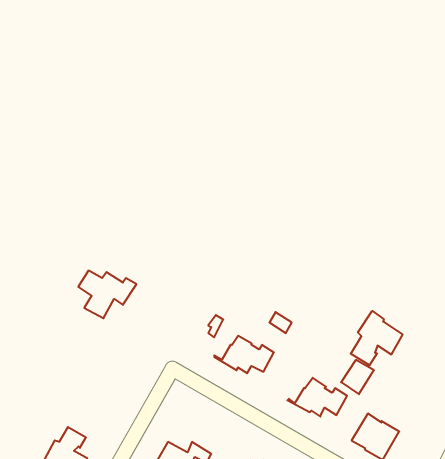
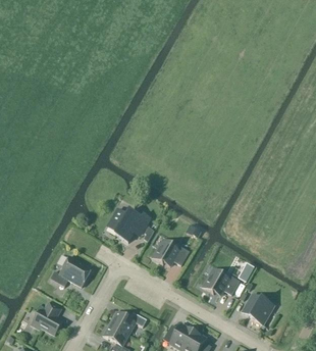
building: [78,271,136,318] -> [111,208,151,241]
building: [351,311,403,365] -> none
building: none -> [50,256,91,287]

